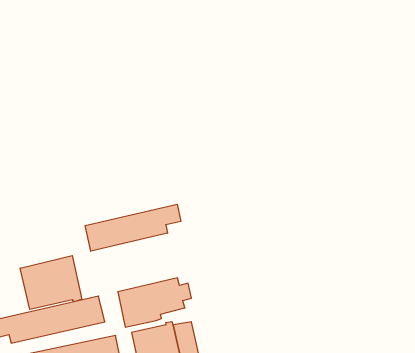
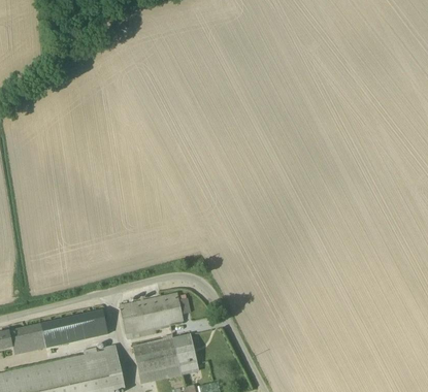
building: [85,204,181,251] -> none
building: [20,256,82,309] -> none

